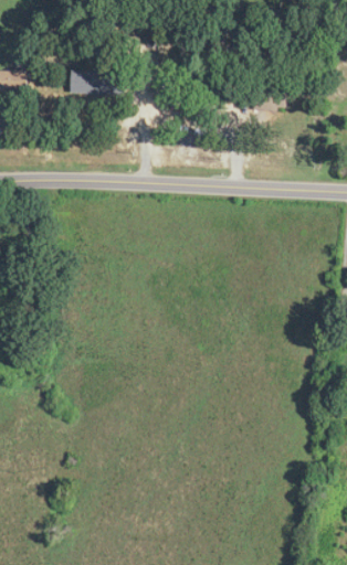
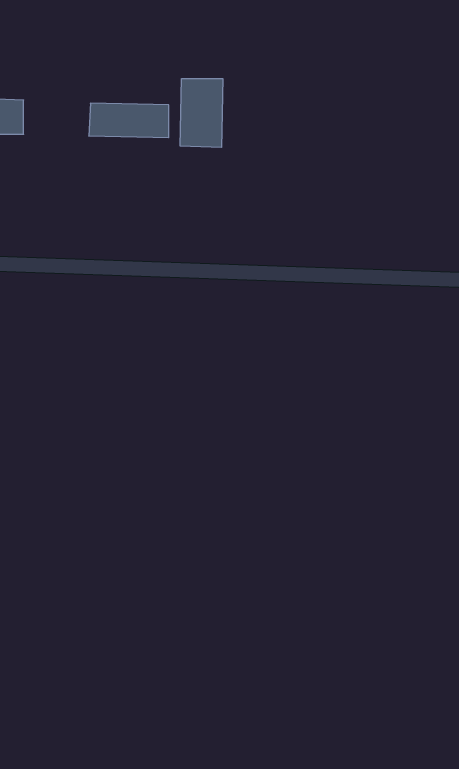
building: none -> [180,79,223,147]

